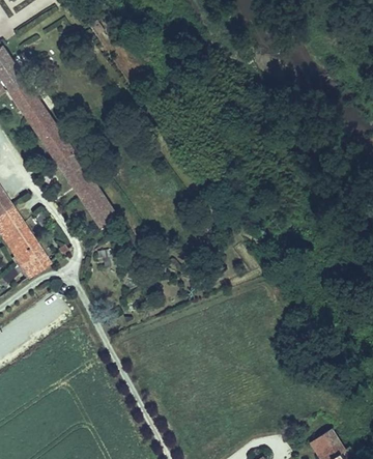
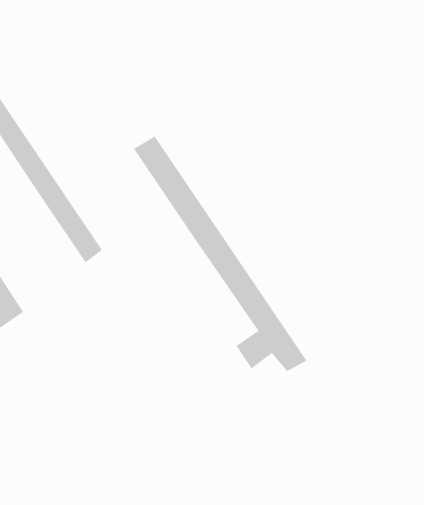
building: none -> [133,135,307,372]

